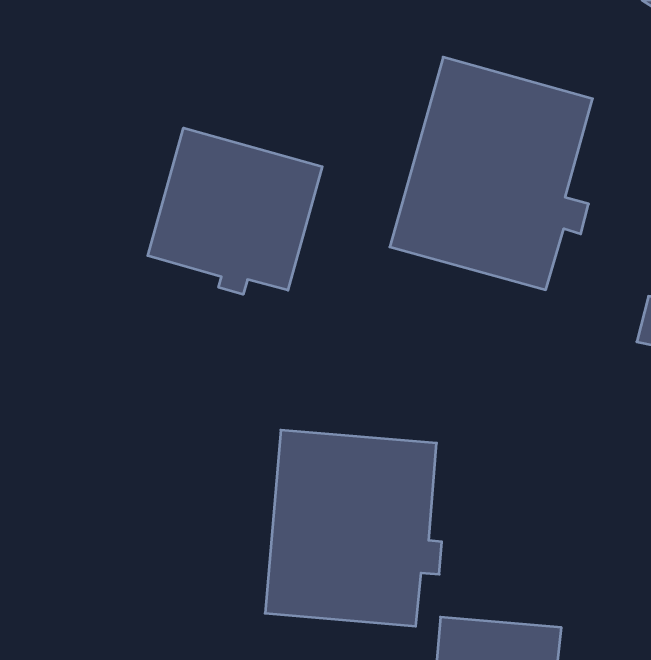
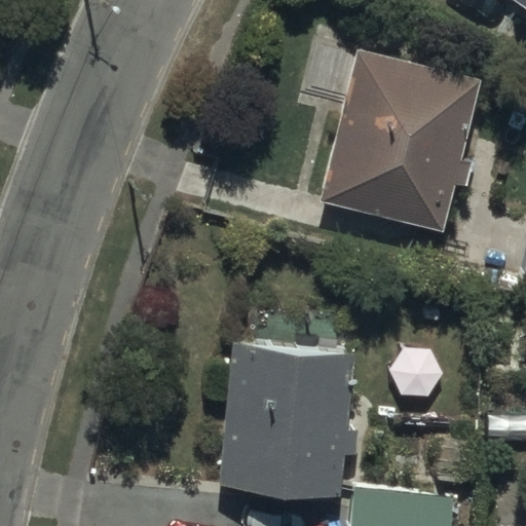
building: [148,128,322,294] -> none

